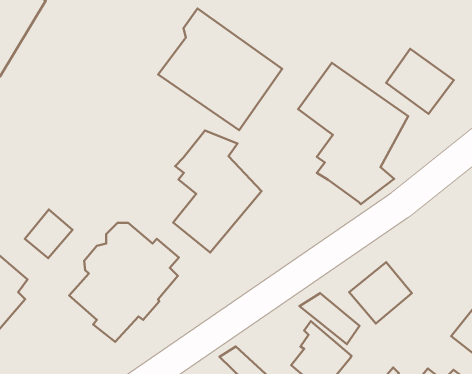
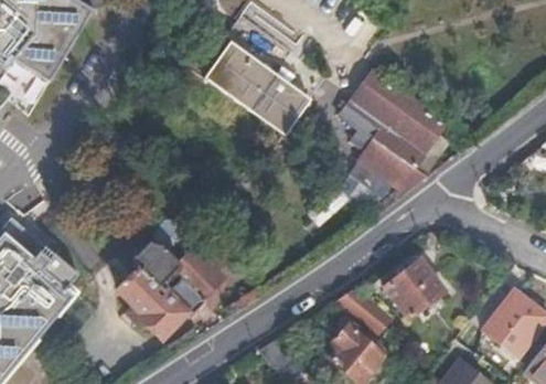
building: [386,49,454,114] -> none
building: [173,131,262,253] -> none
building: [25,210,72,258] -> none

